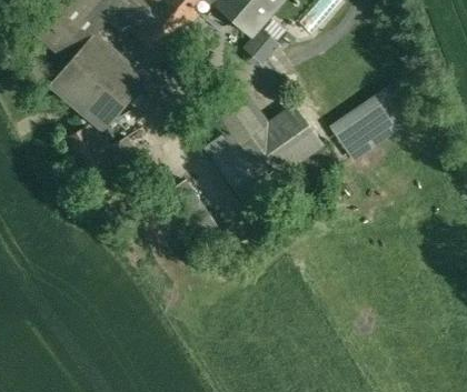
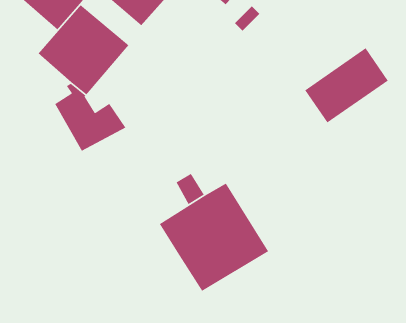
building: [201,84,320,198] -> none
building: none -> [159,182,269,292]

